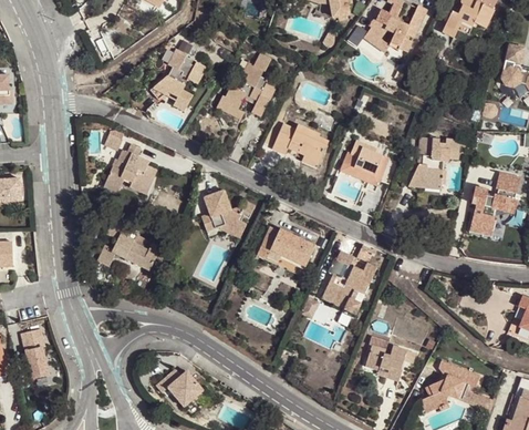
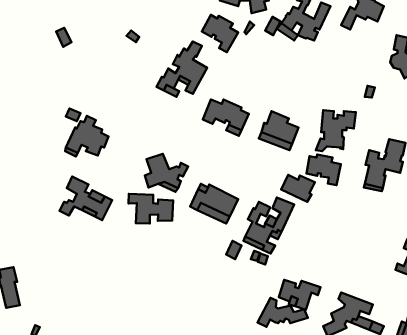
building: none -> [202,15,238,52]
building: [146,49,206,111] -> none
building: none -> [306,155,341,185]
building: none -> [281,175,315,202]
building: none -> [129,194,173,224]
building: none -> [258,298,308,327]
building: [155,369,203,407] -> none

